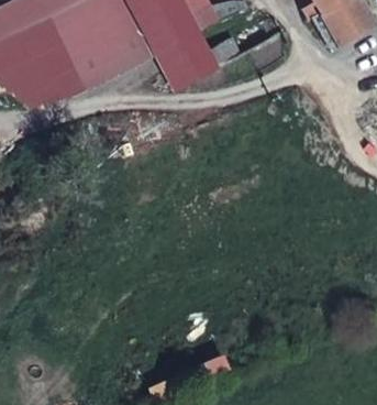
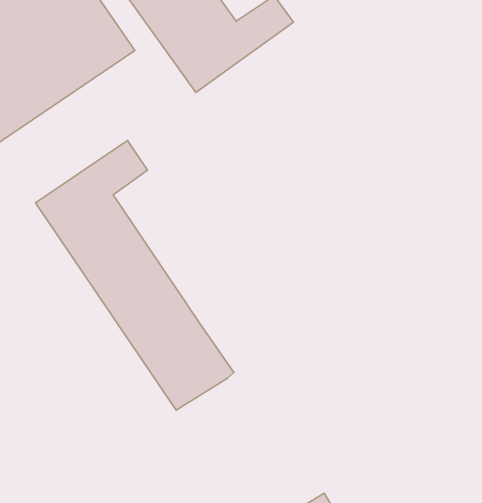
building: none -> [36,141,234,410]

